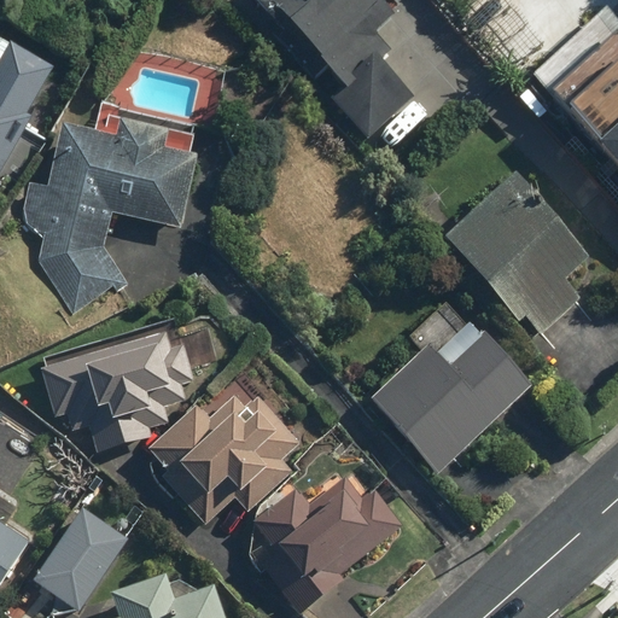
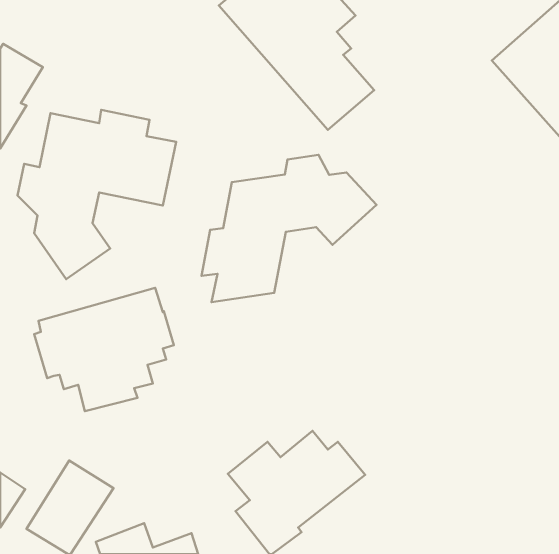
building: none -> [201,155,377,302]
building: [442,177,587,334] -> none
building: [366,337,526,476] -> none
building: [150,367,301,523] -> none

